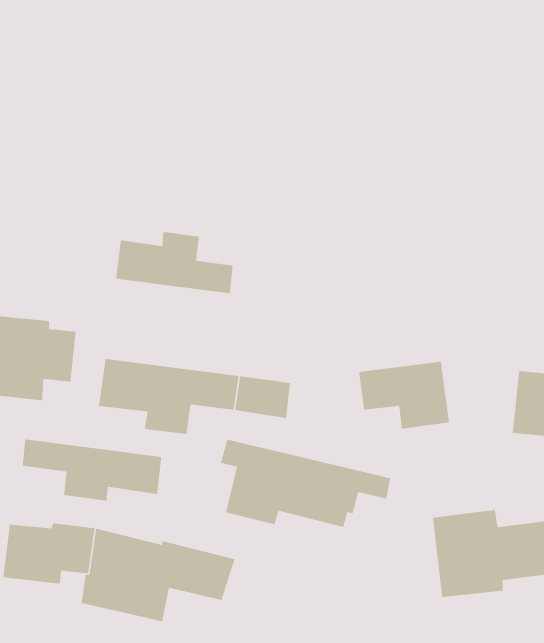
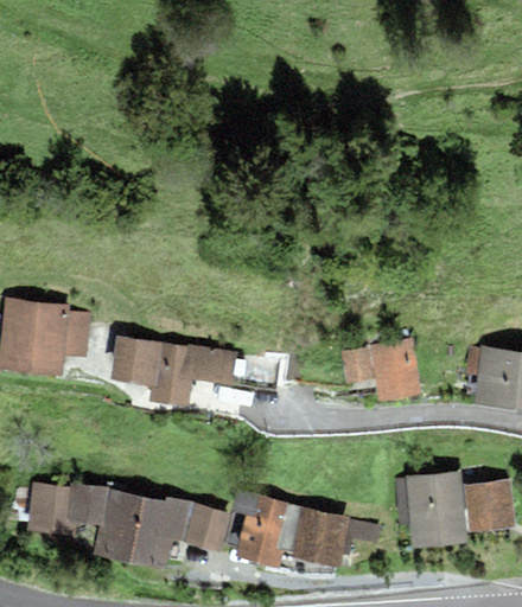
building: [115,231,234,294] -> none
building: [22,438,162,501] -> none
building: [220,439,391,528] -> [231,490,382,568]

